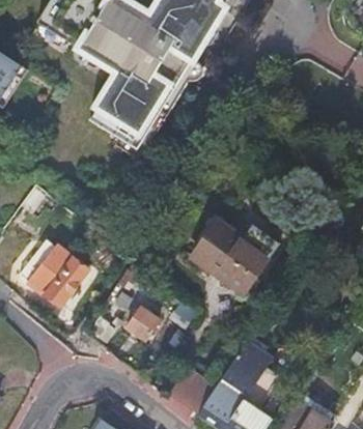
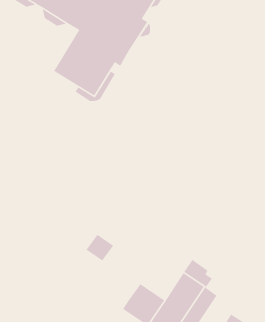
building: [189,222,268,294] -> none
building: [34,252,86,305] -> none

